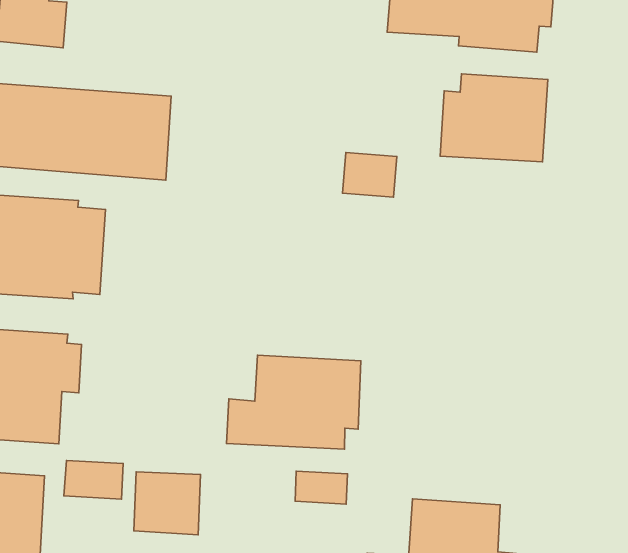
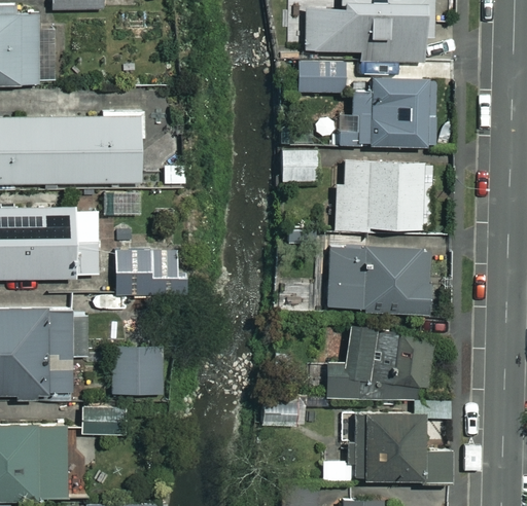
building: none -> [297,61,346,94]
building: none -> [335,156,429,230]
building: none -> [115,246,171,293]
building: none -> [326,248,428,312]
building: [227,355,361,449] -> [326,328,429,401]
building: [134,472,200,535] -> [111,347,164,395]

